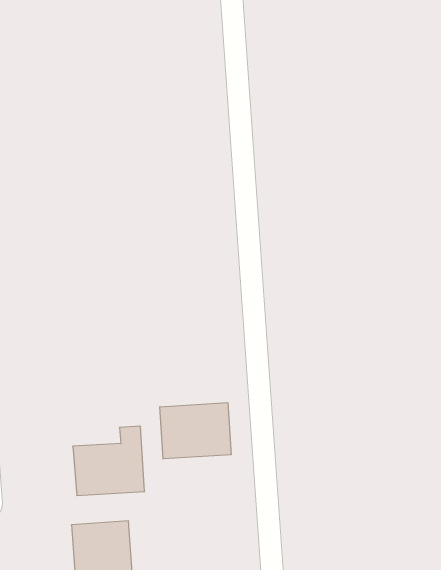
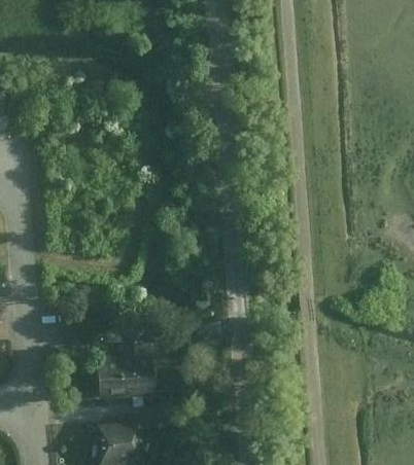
building: [160,403,231,459] -> none

